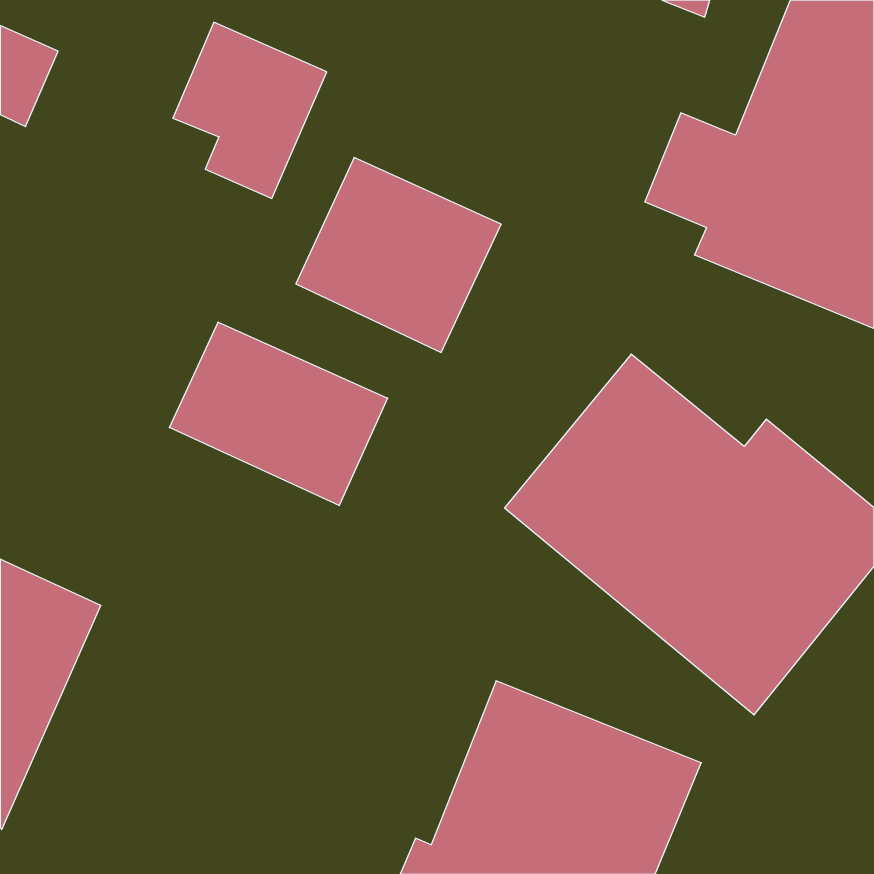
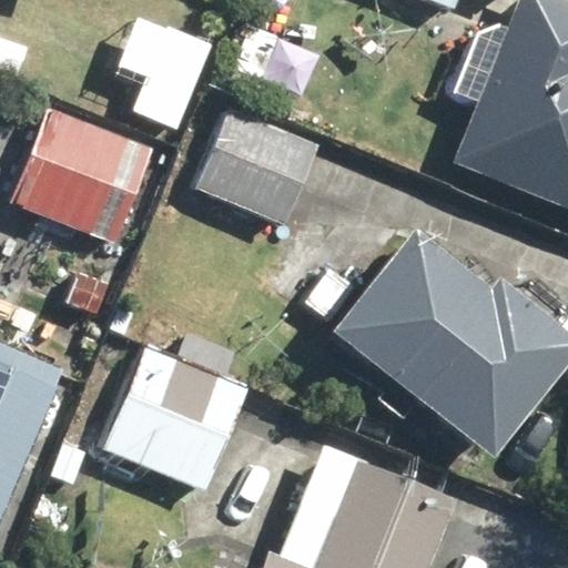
building: none -> [13,110,151,242]
building: [169,322,388,506] -> none
building: none -> [101,331,248,490]

